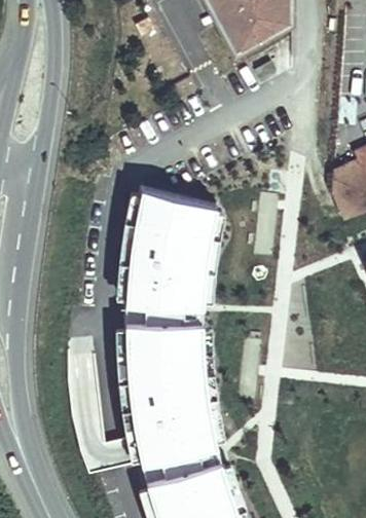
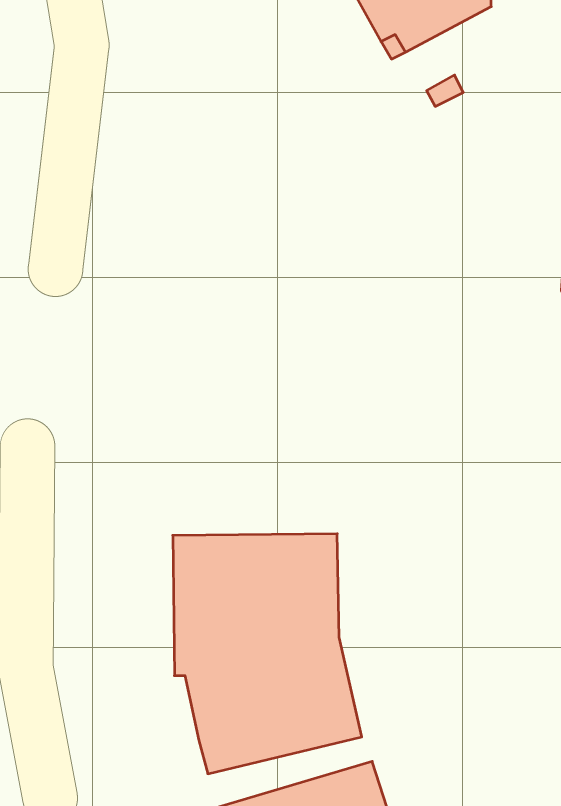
building: [117,193,211,312] -> none

